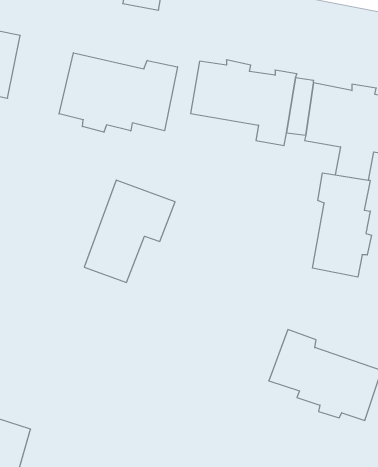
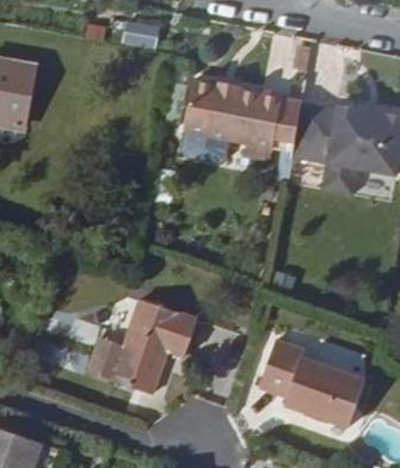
building: [59,53,177,132] -> none
building: [312,173,371,277] -> none
building: [84,180,175,282] -> [112,296,197,392]

